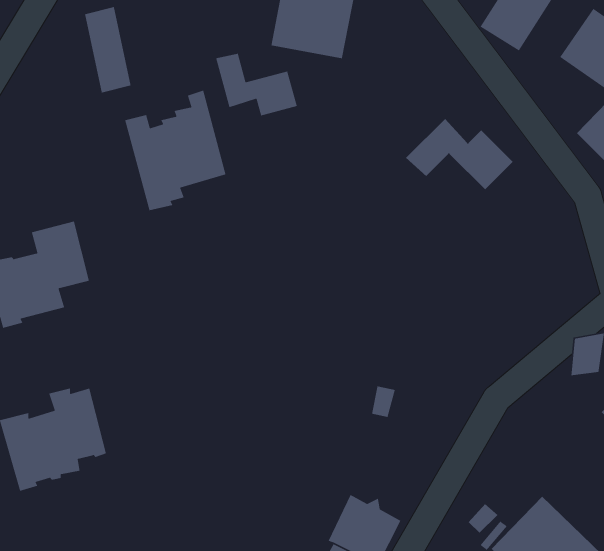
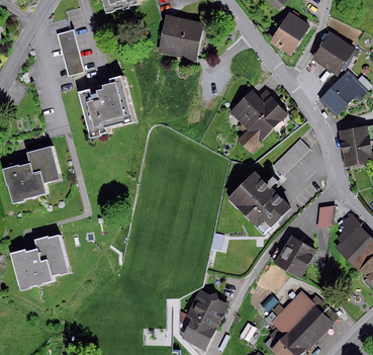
building: [215,53,298,116] -> none
building: none -> [238,109,272,151]
building: none -> [274,138,310,175]
building: none -> [227,172,289,235]
building: none -> [275,238,314,278]

